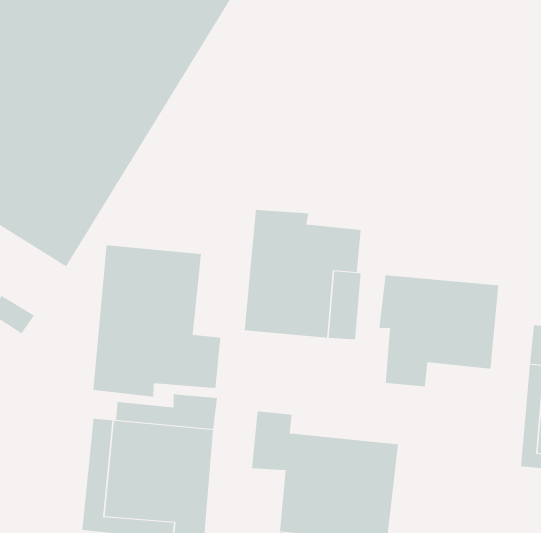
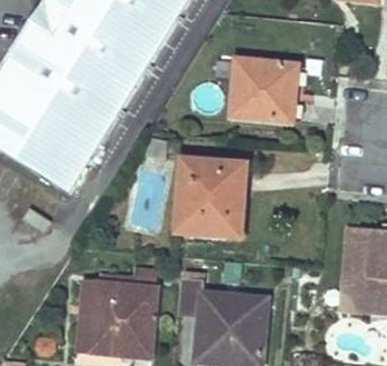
building: none -> [230,59,297,121]
building: [93,244,221,397] -> none
building: [379,274,499,387] -> none

